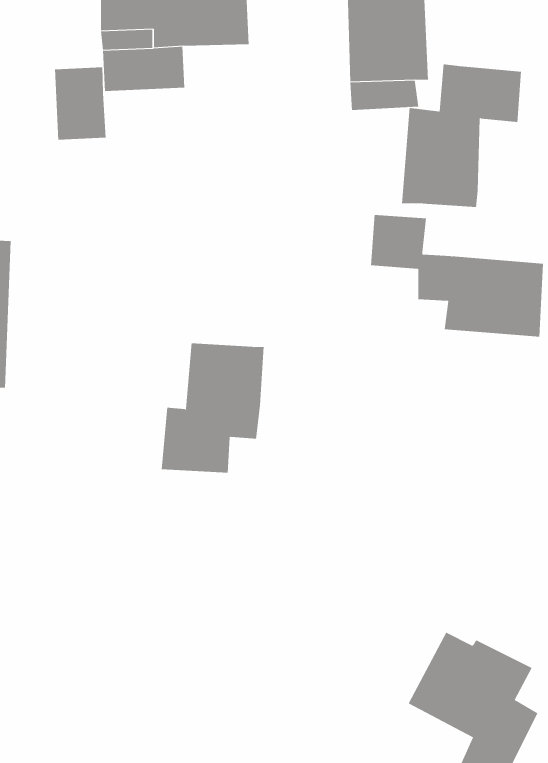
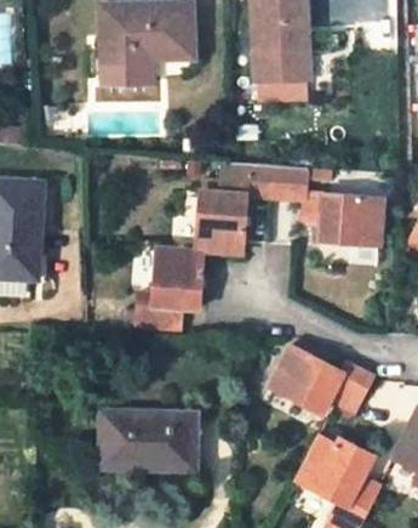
building: [401,64,522,207] -> [196,161,274,254]
building: [55,66,106,140] -> none
building: none -> [270,347,374,414]
building: none -> [103,413,194,470]

